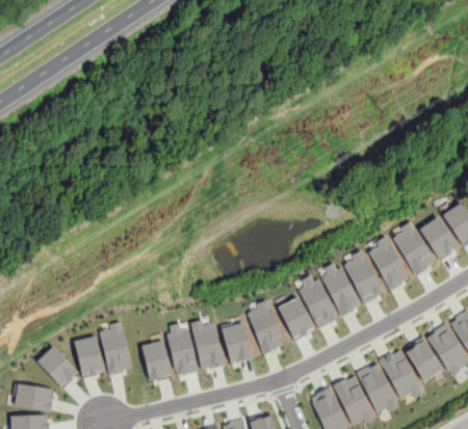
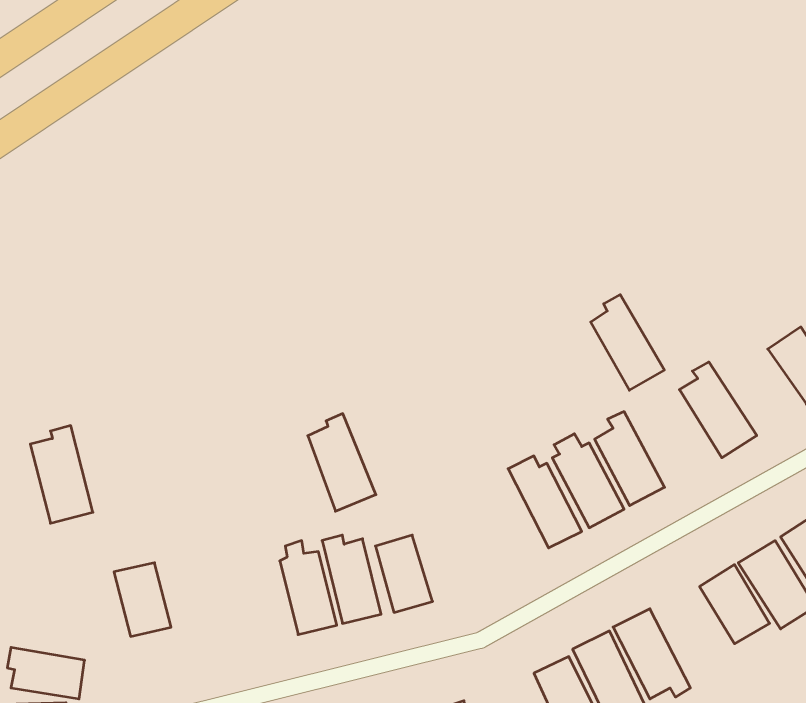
building: [419,216,458,259] -> none
building: [369,236,411,290] -> [591,295,664,390]
building: [277,295,314,340] -> none
building: [246,299,285,354] -> [308,414,376,511]
building: [98,320,133,375] -> [30,426,93,523]
building: [140,339,171,379] -> none
building: [36,345,78,386] -> none
building: [379,348,423,399] -> none

